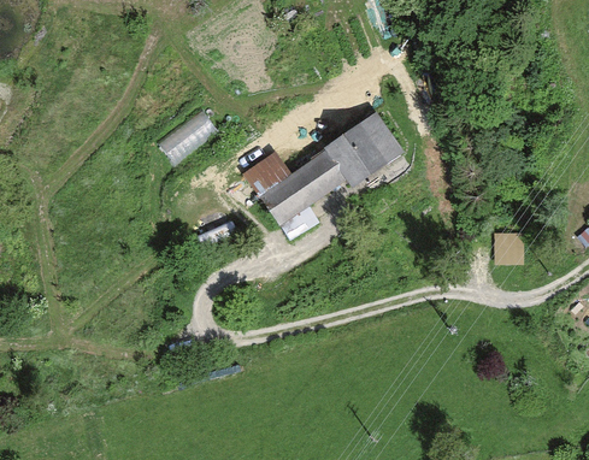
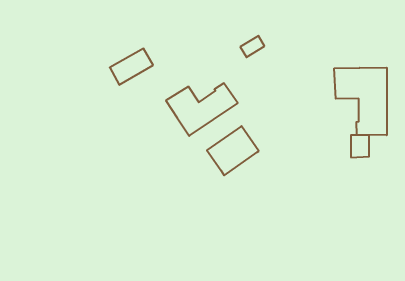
building: [325,118,397,187] -> [207,126,259,175]
building: none -> [334,68,387,135]

